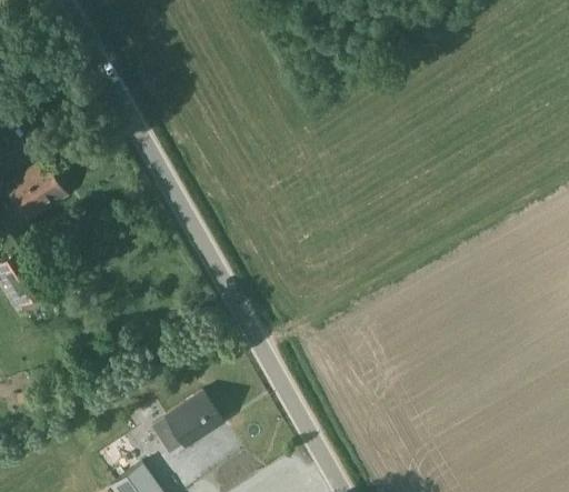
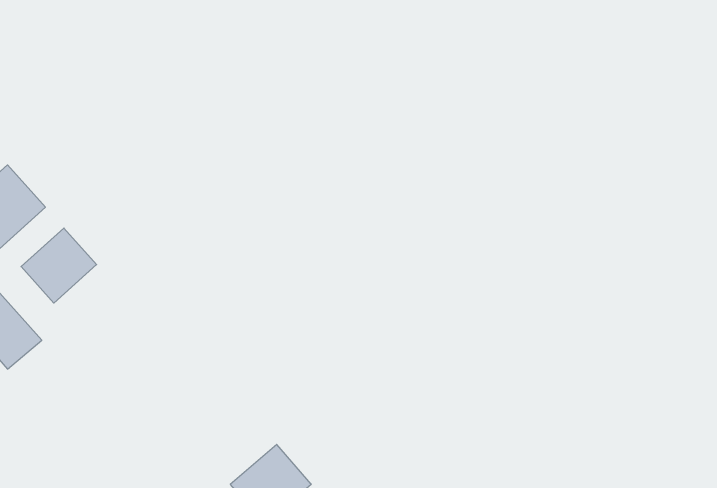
building: none -> [21,228,97,303]

